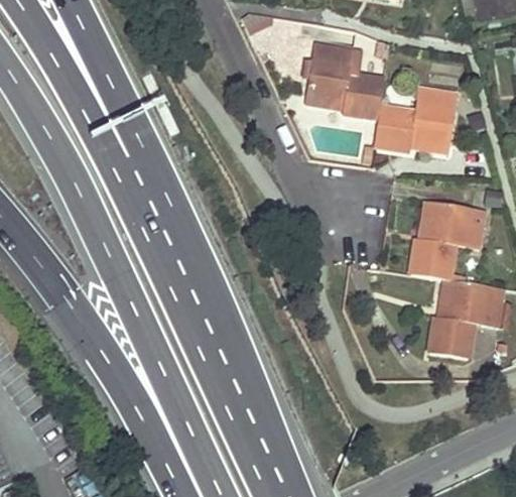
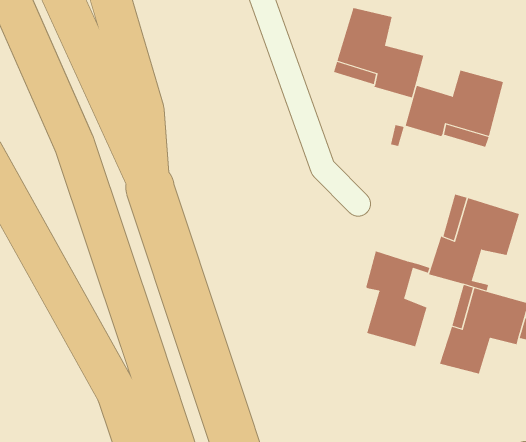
building: none -> [365,251,430,347]

